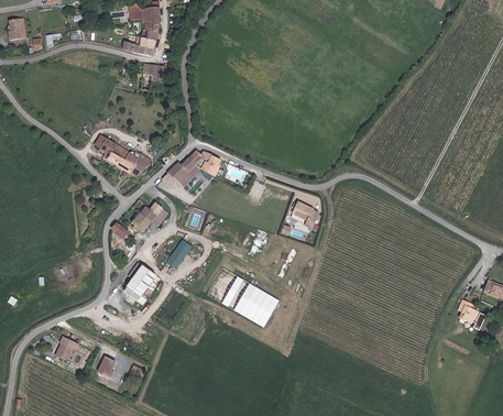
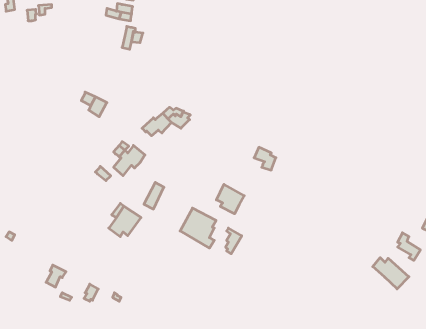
building: [116,147,154,175] -> none
building: none -> [216,184,244,214]
building: none -> [373,258,409,289]

